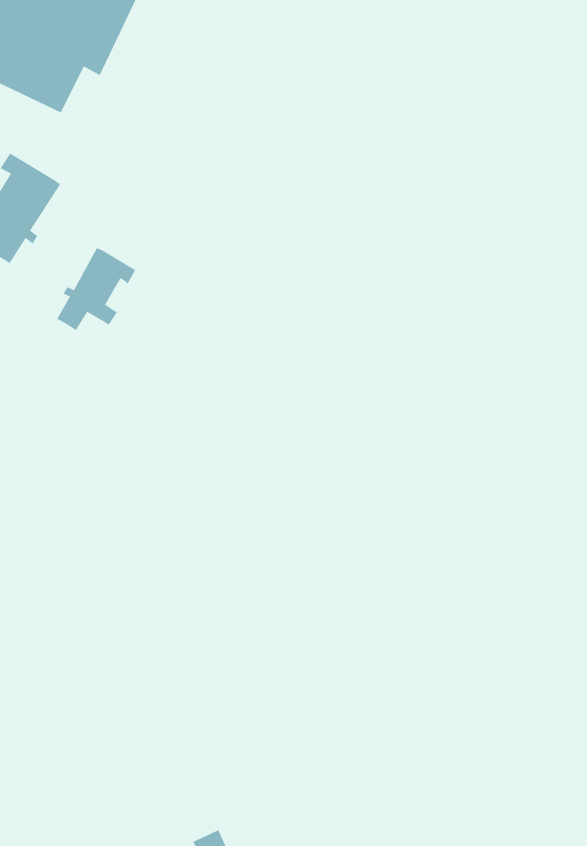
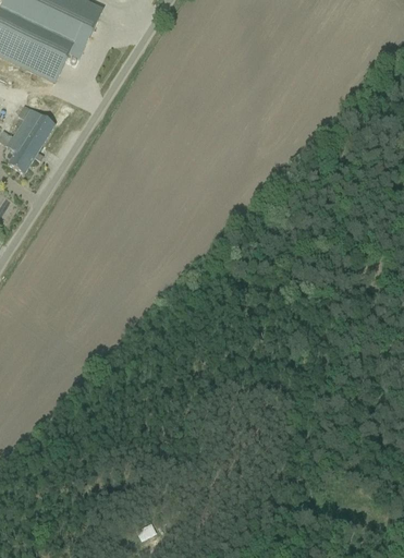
building: [56,247,136,331] -> none

